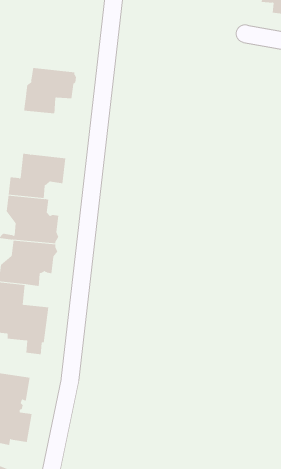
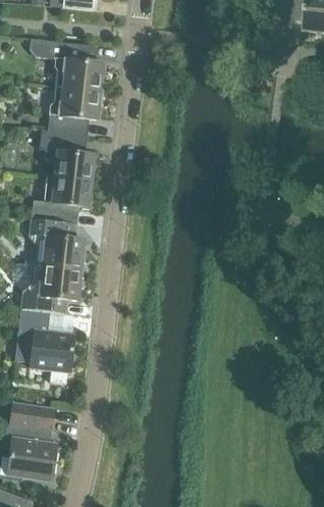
building: none -> [30,39,105,92]
building: none -> [39,130,95,181]

